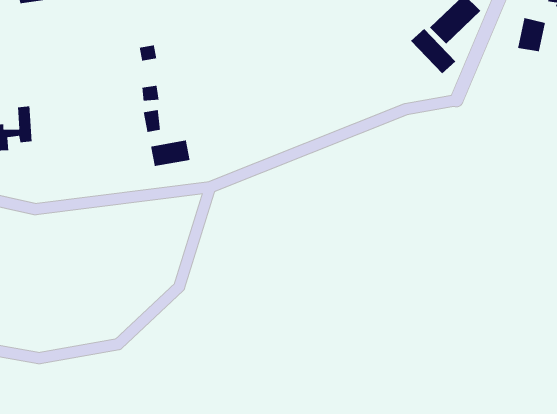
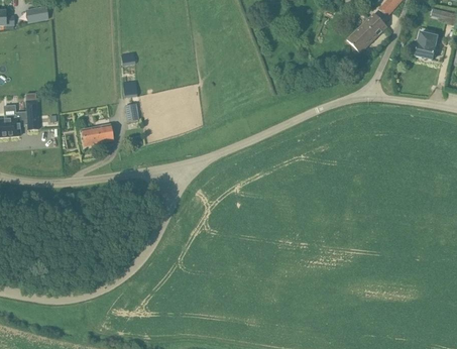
building: [410,28,456,74] -> none
building: [150,140,190,167] -> [82,124,113,145]

